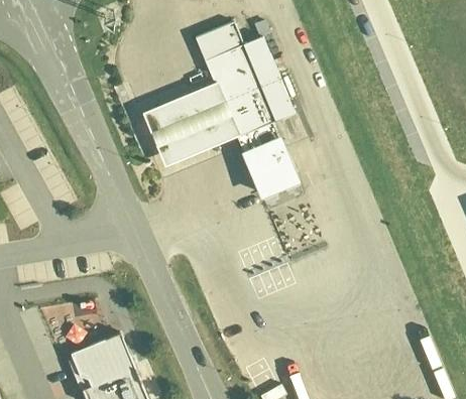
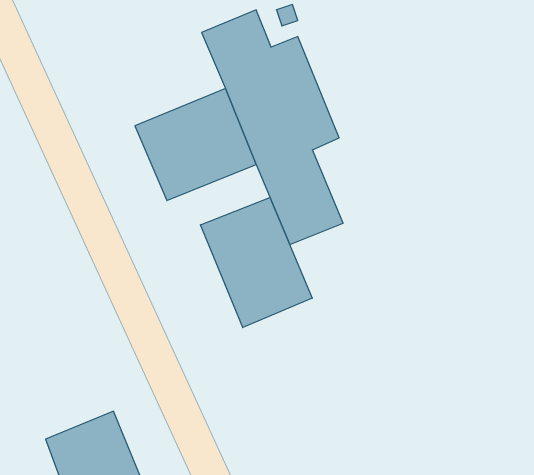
building: none -> [200,198,312,328]

